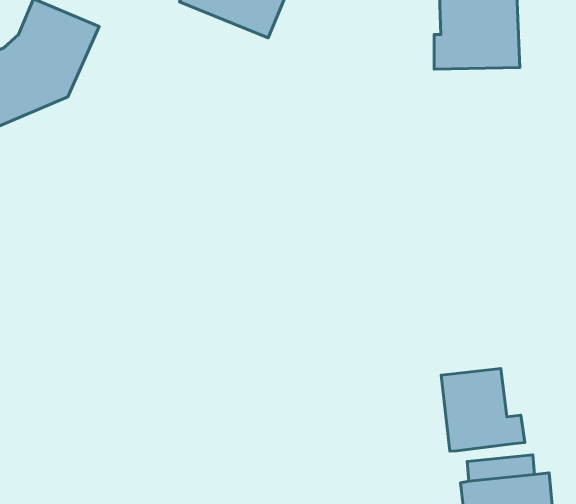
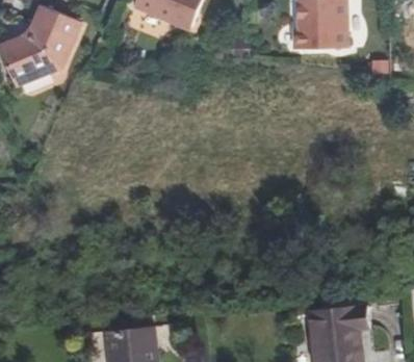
building: [441,369,525,451] -> none

